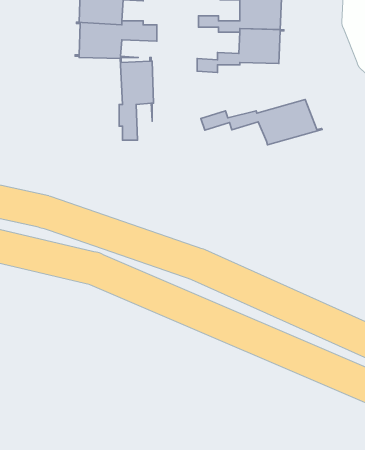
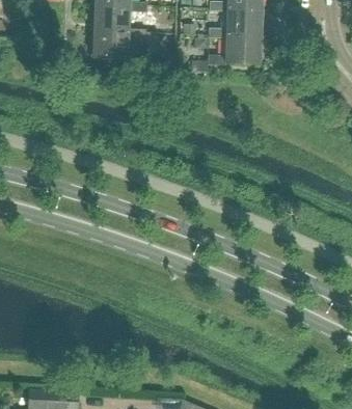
building: [119,57,153,140] -> none
building: [201,100,322,145] -> none

